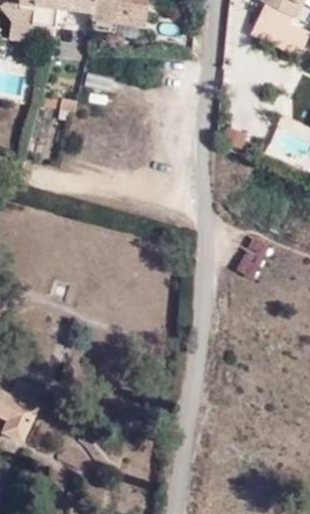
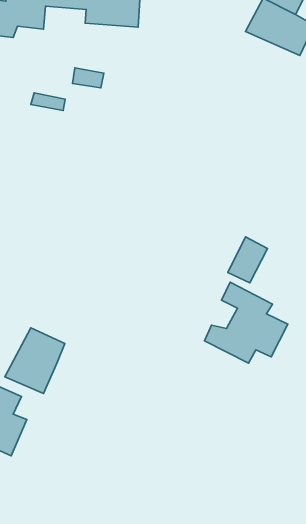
building: none -> [204,282,288,363]
building: none -> [5,328,65,394]

